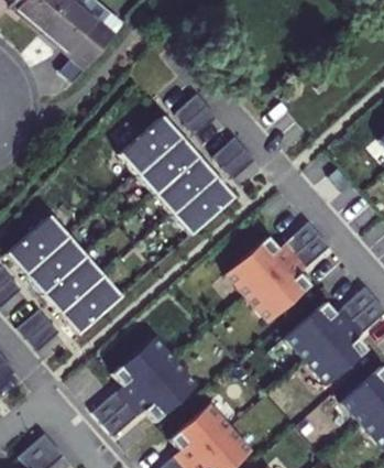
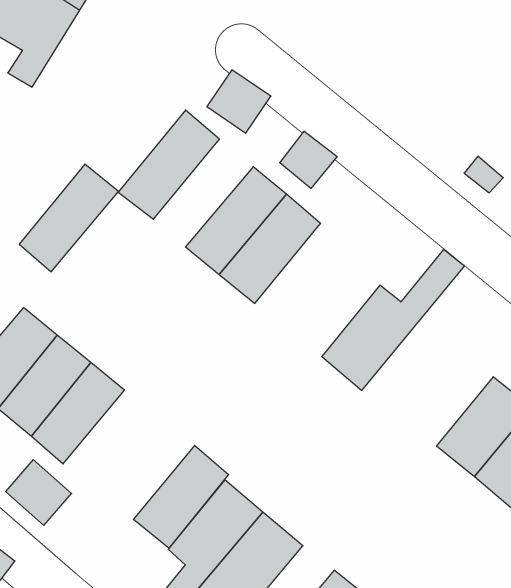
building: [136,133,201,195] -> [19,164,119,272]
building: [245,233,330,323] -> none
building: [58,275,120,335] -> [133,445,229,548]

